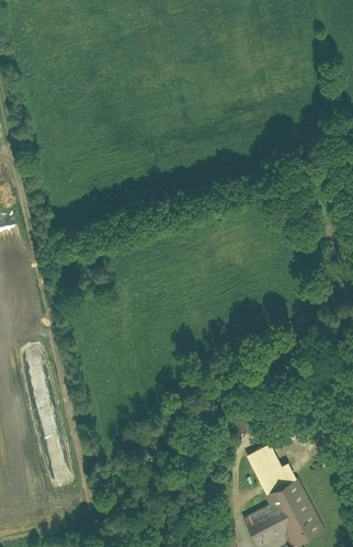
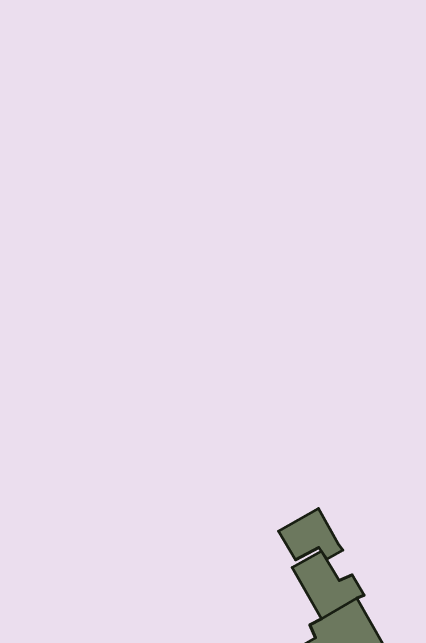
building: none -> [279,508,343,560]

